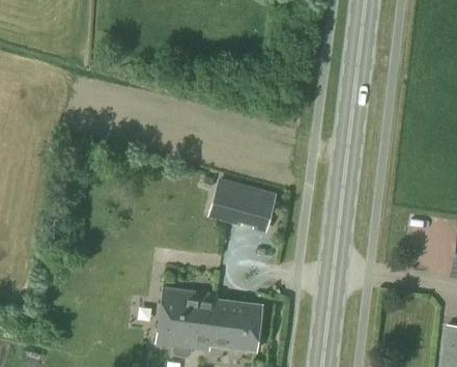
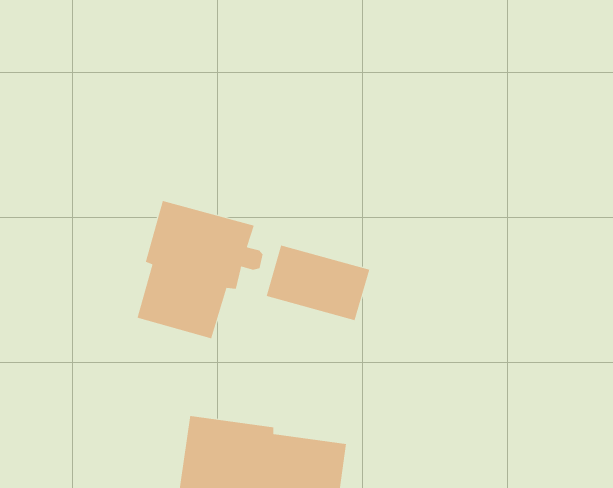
building: none -> [137,200,263,339]

